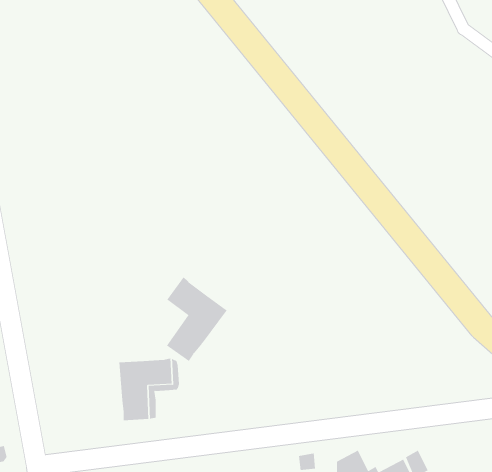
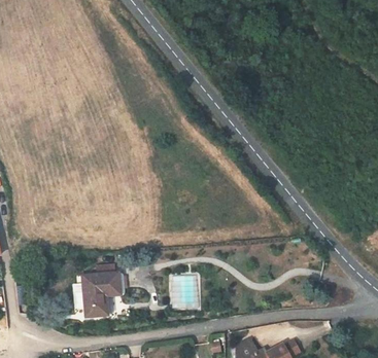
building: [166,276,228,362] -> none

